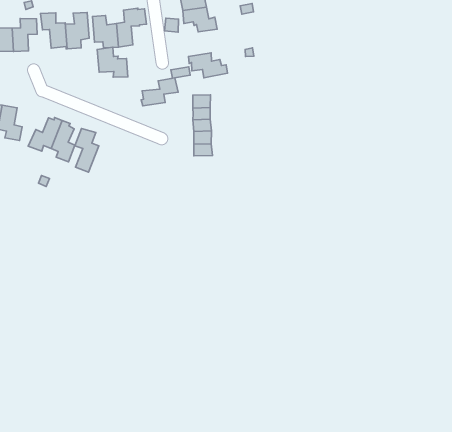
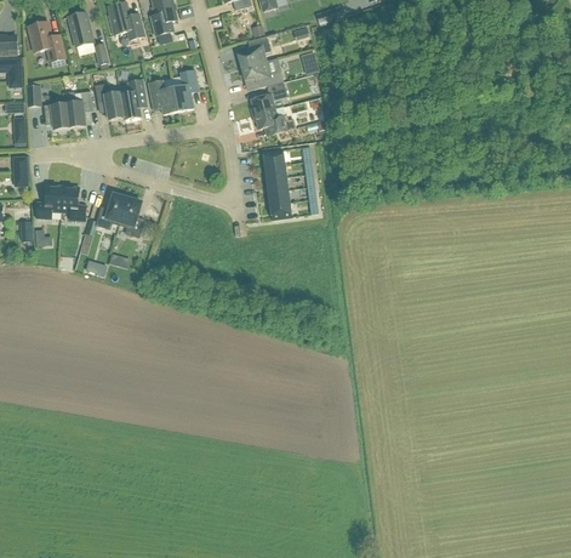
building: [97,47,128,77] -> none
building: [141,78,178,106] -> [250,80,287,113]
building: [75,129,99,172] -> none

